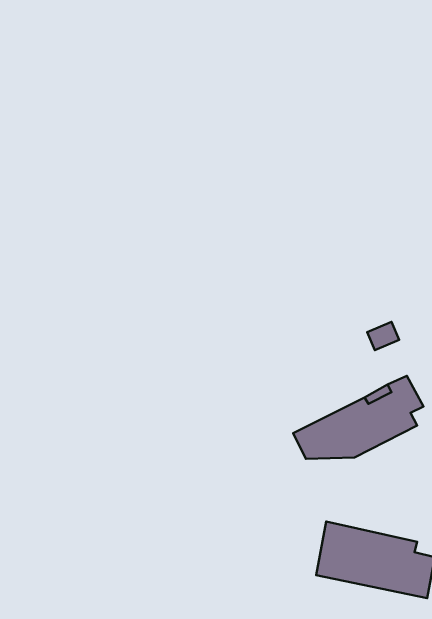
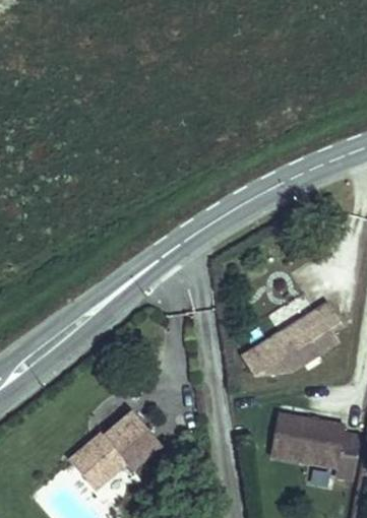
building: none -> [72,400,163,476]

